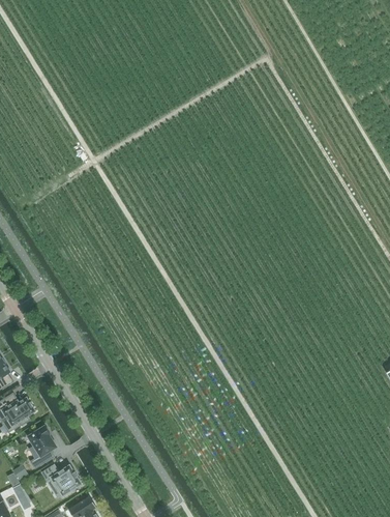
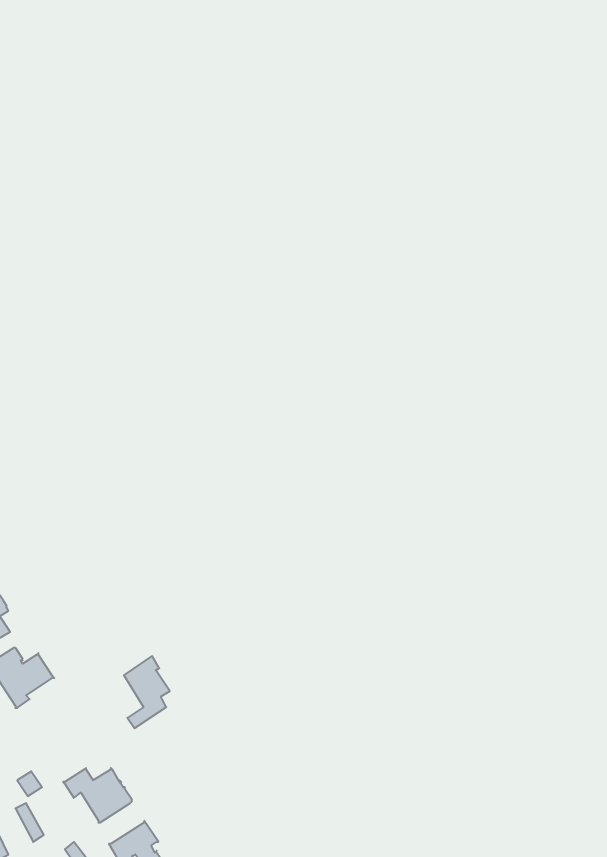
building: [27,426,54,468] -> [124,656,170,728]

